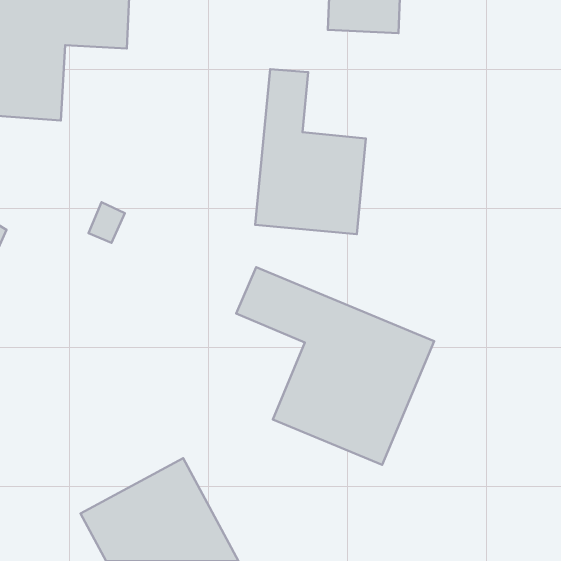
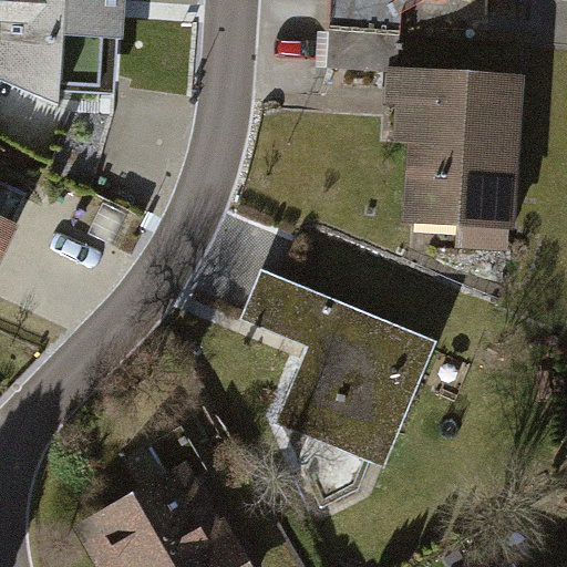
building: none -> [384,65,524,241]
building: [255,69,366,234] -> none

